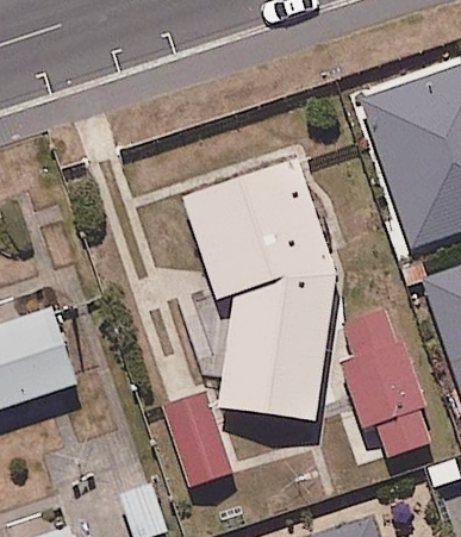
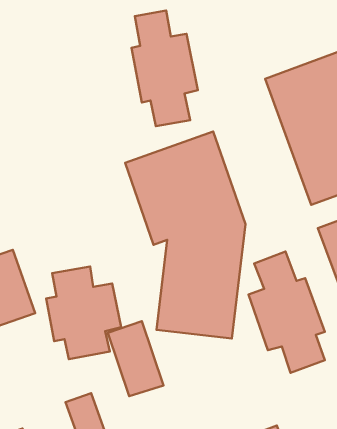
building: none -> [132,10,198,126]
building: none -> [46,266,121,359]

